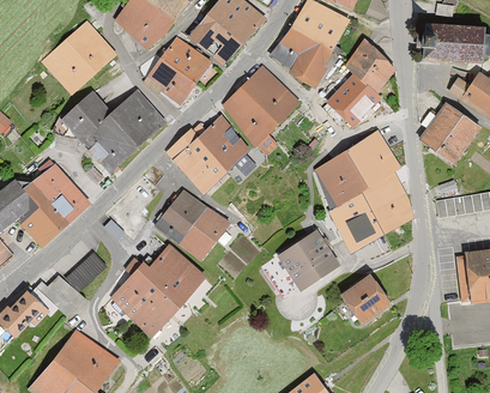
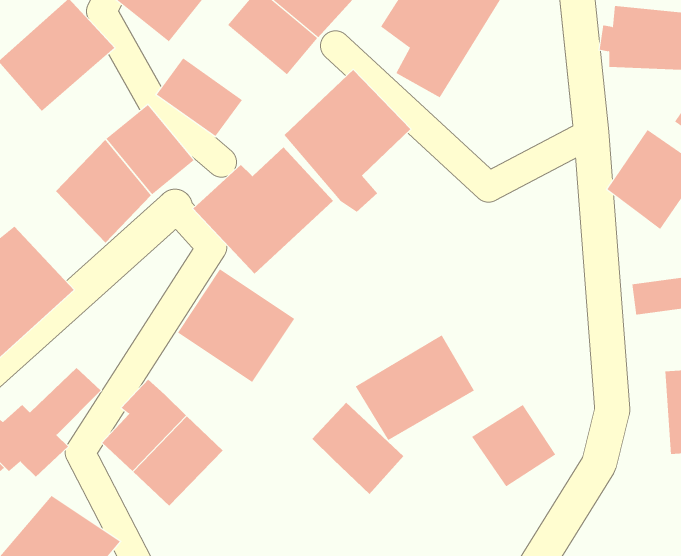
building: [158,35,212,85] -> none
building: [327,38,397,129] -> none
building: [59,90,110,141] -> none
building: [315,129,410,253] -> none
building: [147,244,205,302] -> [311,402,404,495]

